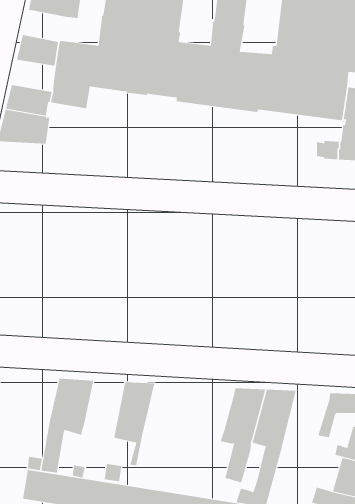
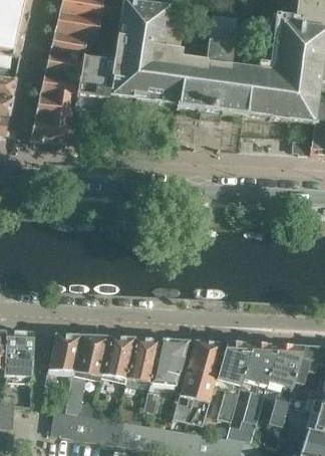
building: none -> [50,31,86,57]
building: none -> [41,72,77,98]
building: none -> [45,333,80,386]
building: none -> [101,336,134,380]
building: none -> [144,338,188,408]
building: none -> [174,340,225,424]
building: none -> [264,345,303,427]

